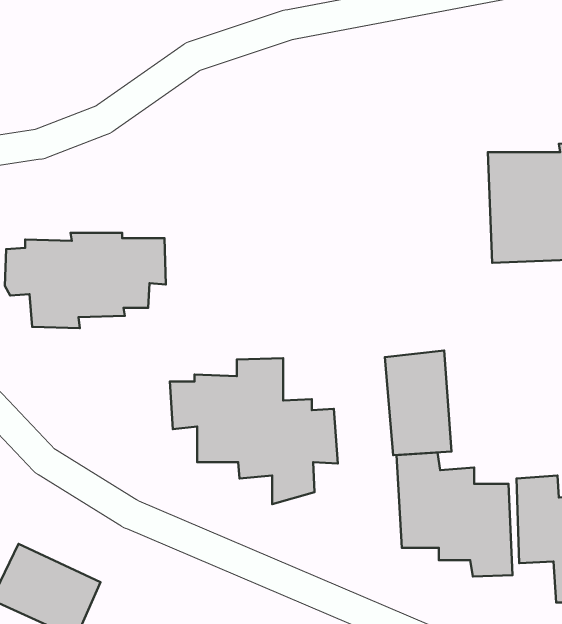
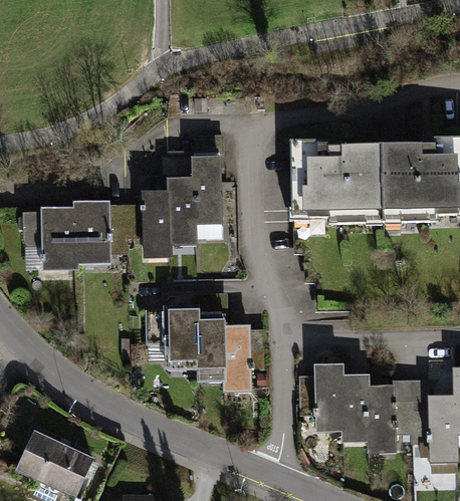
building: none -> [141,136,225,259]
building: none -> [290,138,383,223]
building: [385,351,452,455] -> none

